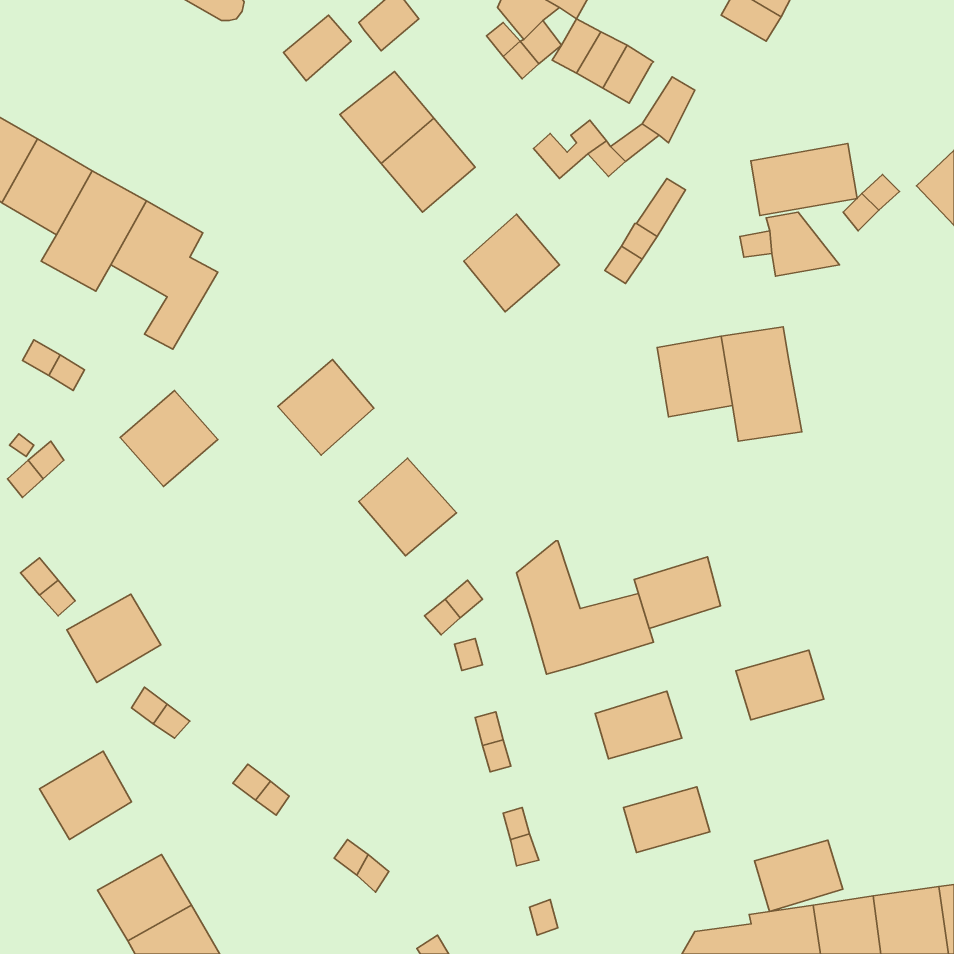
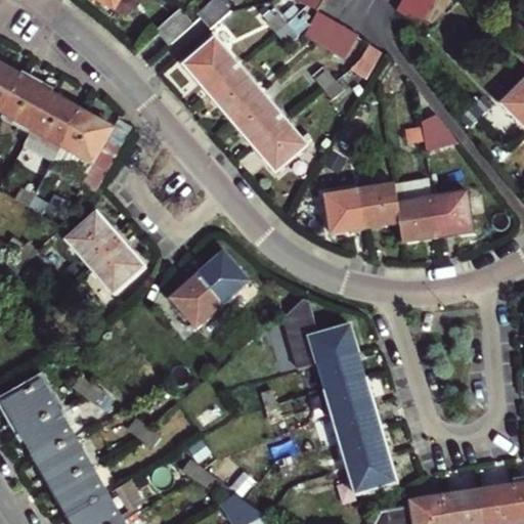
building: [751,144,857,216] -> none
building: none -> [230,91,281,142]
building: none -> [323,189,364,232]
building: none -> [430,190,473,235]
building: [278,360,374,455] -> [89,239,141,292]
building: none -> [169,273,221,326]
building: [634,557,721,628] -> [316,350,363,389]
building: [67,594,161,682] -> [5,382,56,430]
building: [736,650,824,720] -> [332,402,380,440]
building: none -> [38,437,88,485]
building: [754,840,843,912] -> [347,453,395,492]

